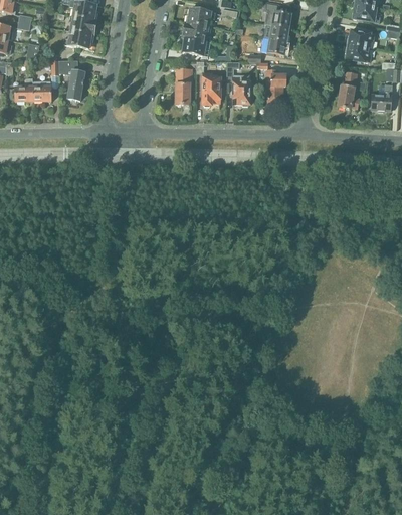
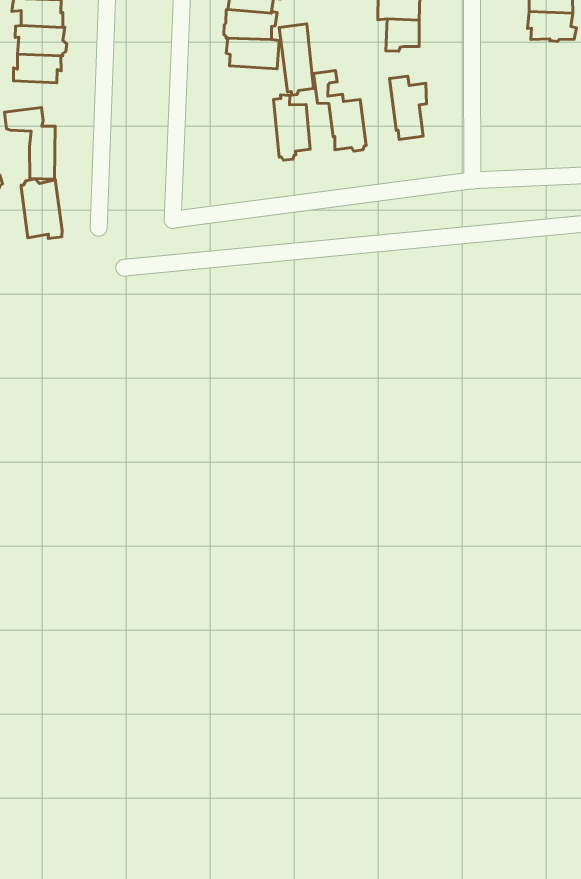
building: [175,68,190,106] -> [279,24,313,95]
building: [337,71,359,108] -> none
building: none -> [21,179,62,239]

